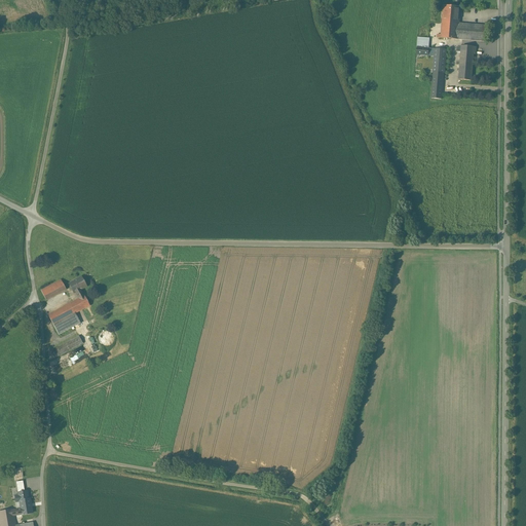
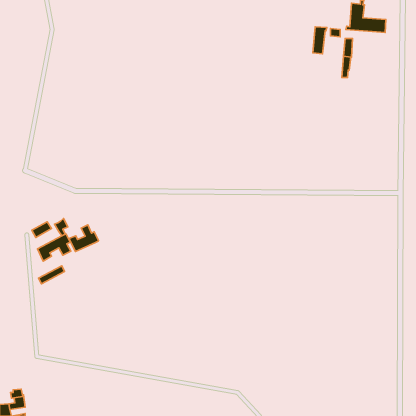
building: [457,45,475,79] -> [313,27,327,54]
building: none -> [69,225,98,251]

